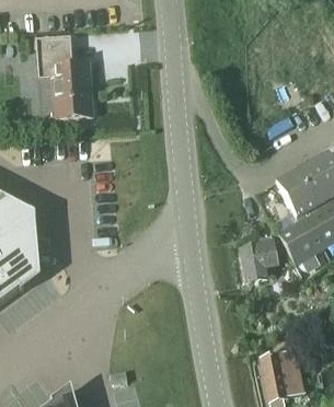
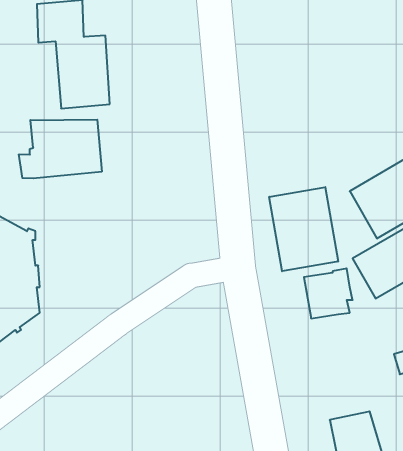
building: none -> [19,120,102,178]
building: none -> [269,187,338,271]

